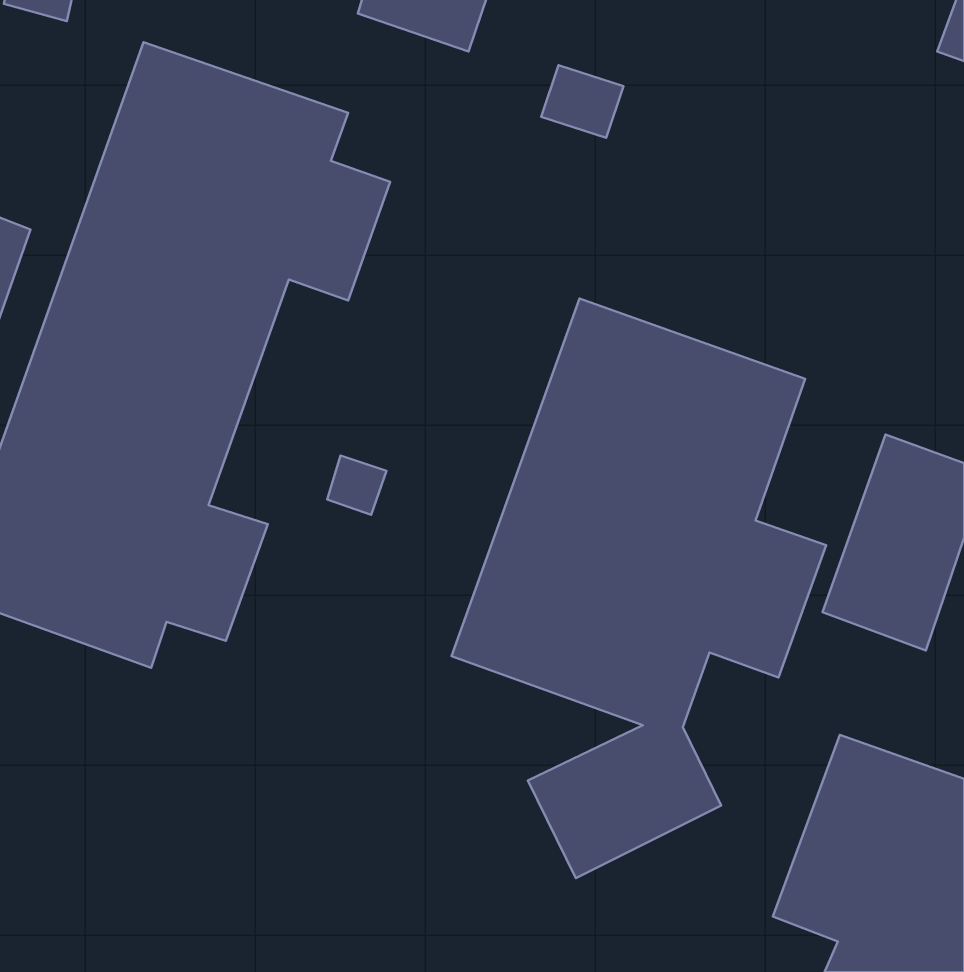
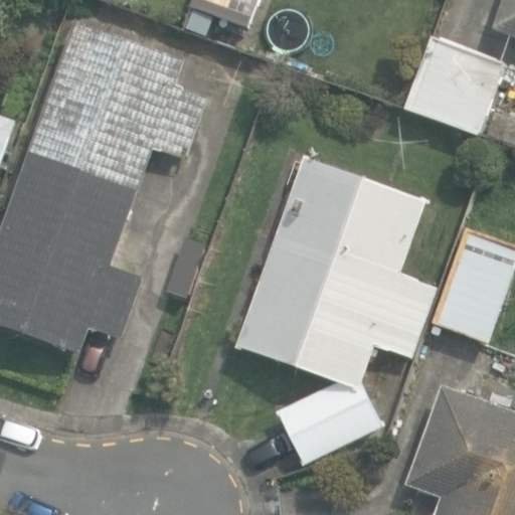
building: none -> [405,38,501,133]

